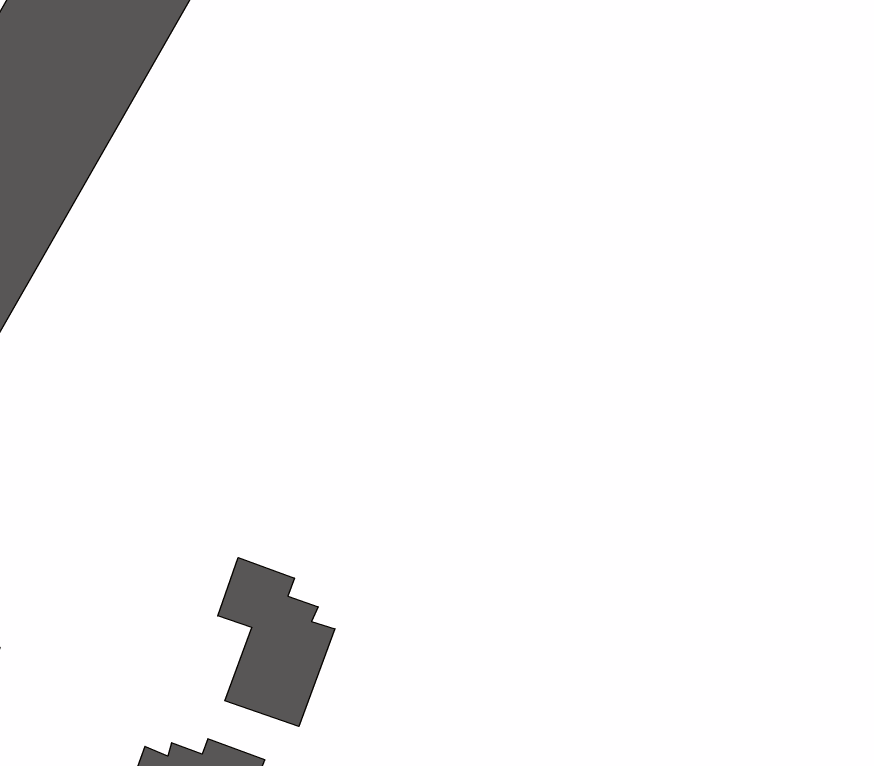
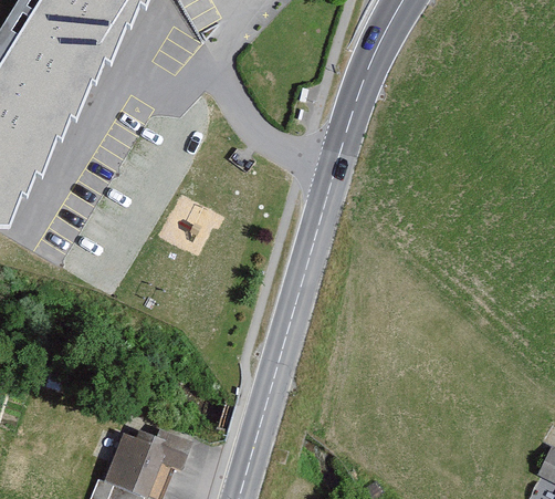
building: [218,558,335,726] -> none

